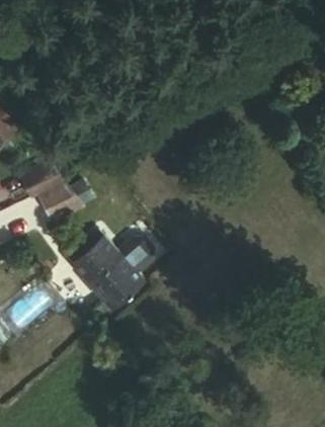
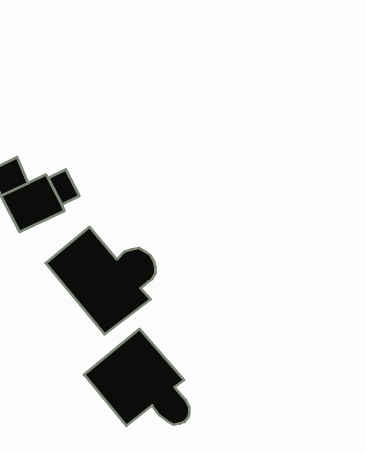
building: none -> [84,329,189,426]

